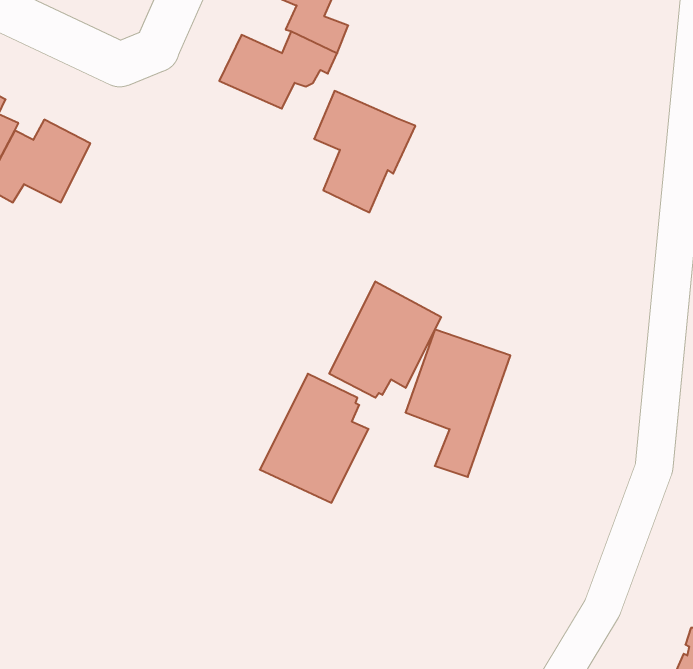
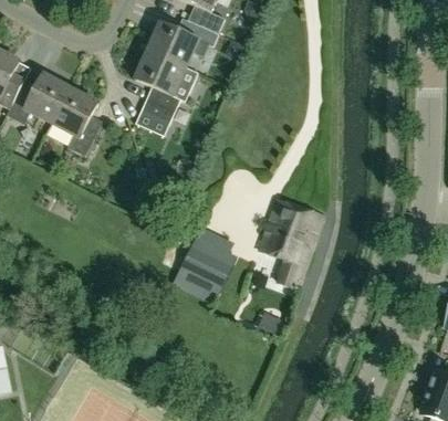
building: [314,91,415,212] -> [136,50,197,123]
building: none -> [53,87,104,155]
building: [329,281,441,398] -> none

